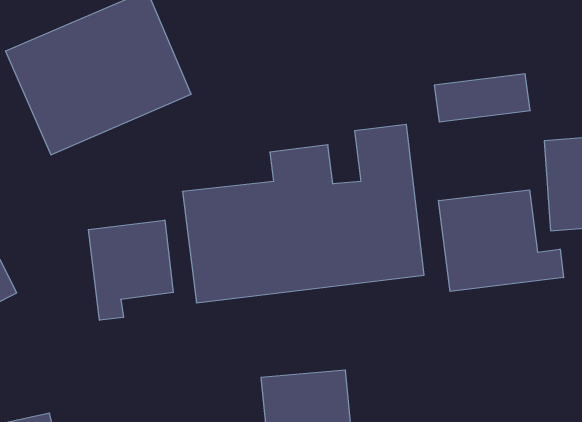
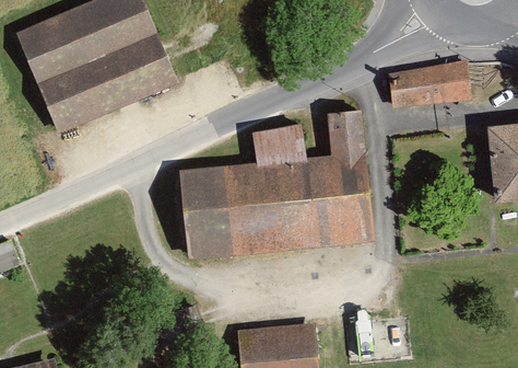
building: [439,190,564,291] -> none
building: [88,220,173,320] -> none

